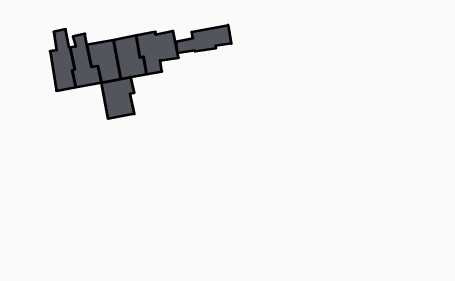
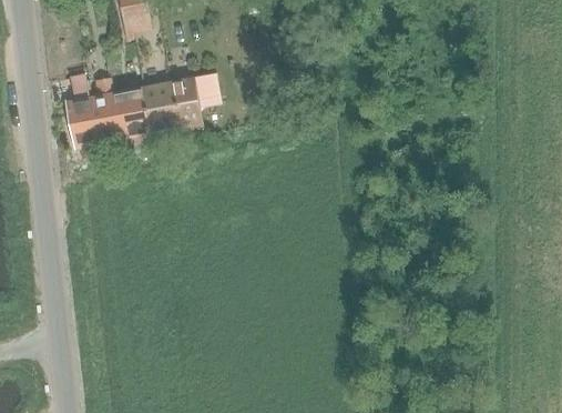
building: [176,25,231,53] -> none
building: [101,77,134,119] -> none

